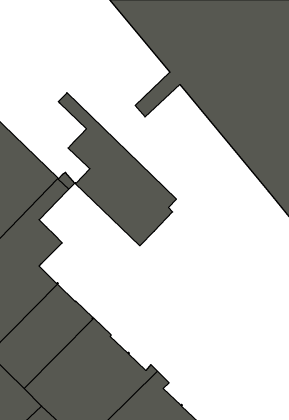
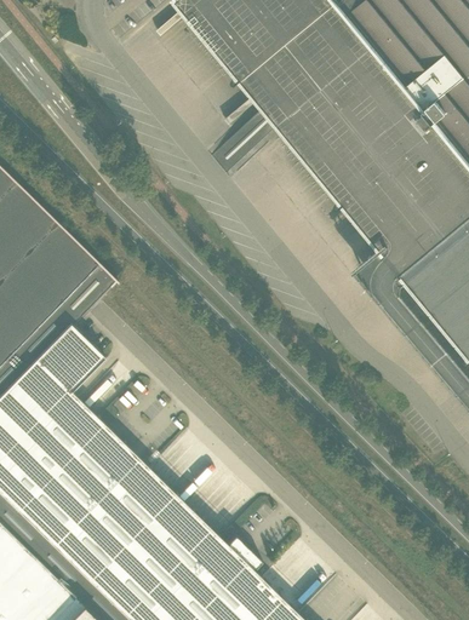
building: [58,93,176,246] -> none

